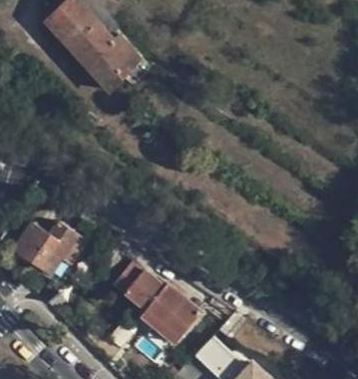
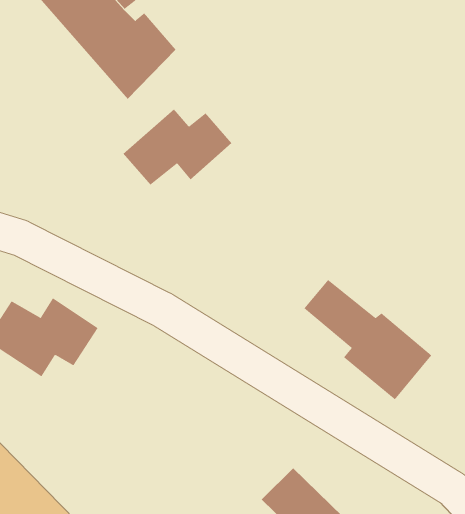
building: none -> [123,109,232,185]
building: [114,262,199,341] -> [303,279,432,400]

